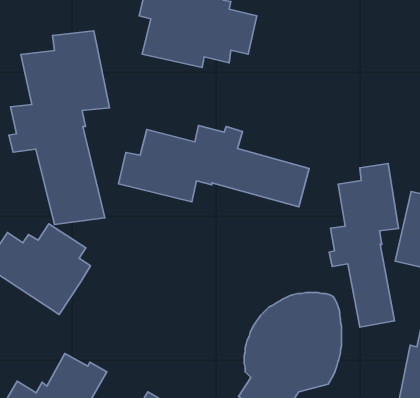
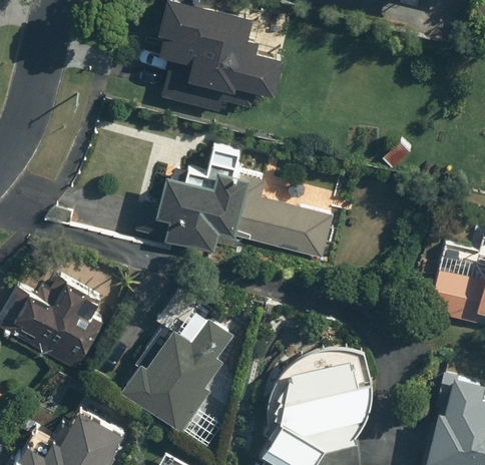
building: [9,31,110,224] -> none
building: [329,164,399,327] -> none
building: none -> [120,320,232,432]

